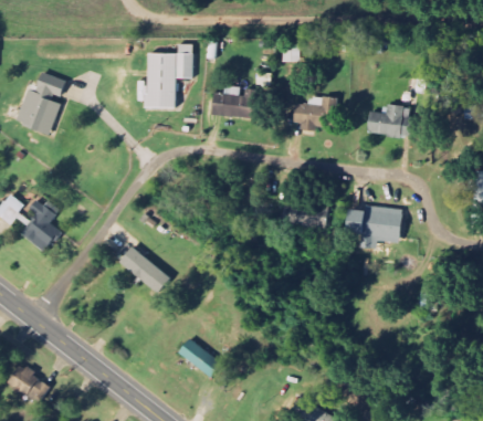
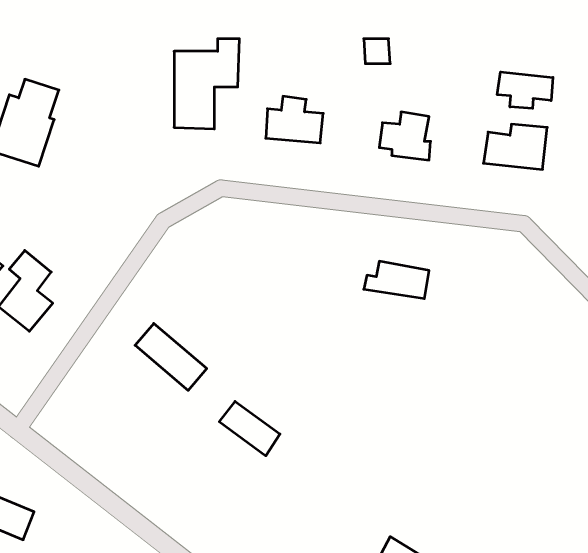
building: none -> [497,72,553,108]
building: [345,206,402,250] -> none
building: [177,339,220,378] -> [219,401,280,456]

